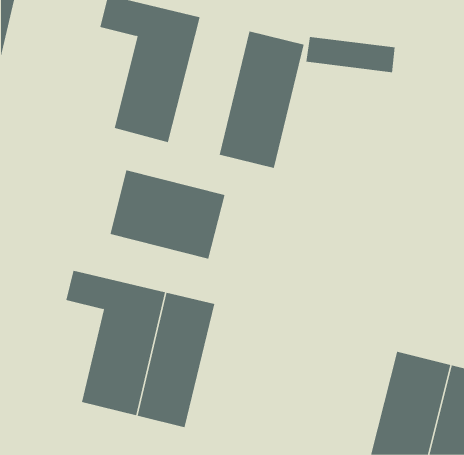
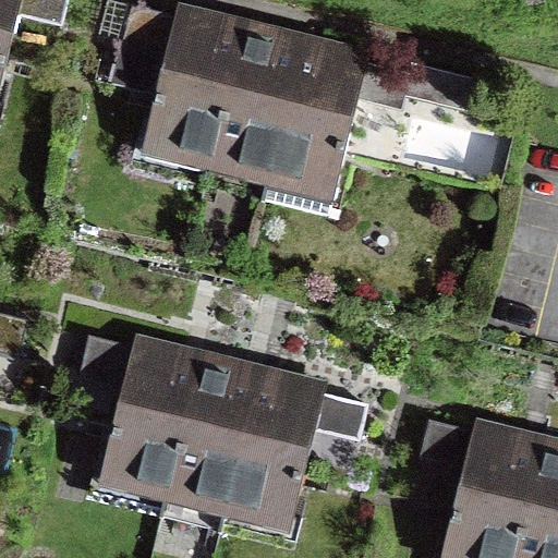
building: none -> [204,21,300,185]
building: [110,169,225,260] -> none
building: none -> [223,364,327,529]

